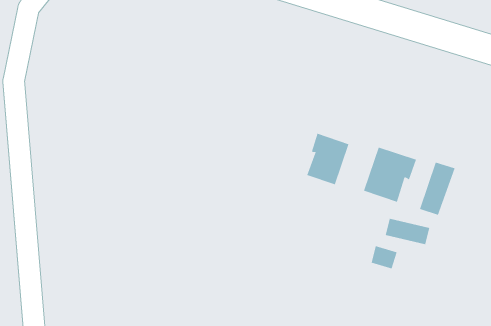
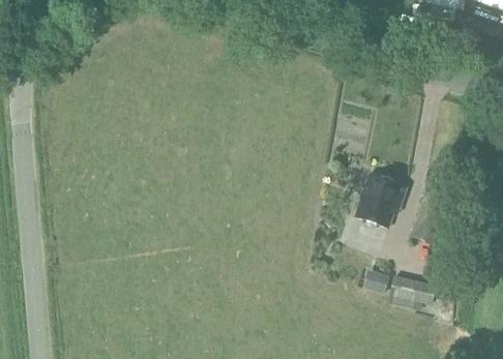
building: [307,133,349,185] -> none
building: [385,218,430,245] -> [391,275,435,301]

